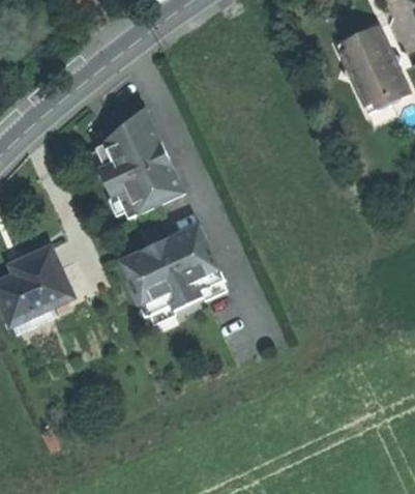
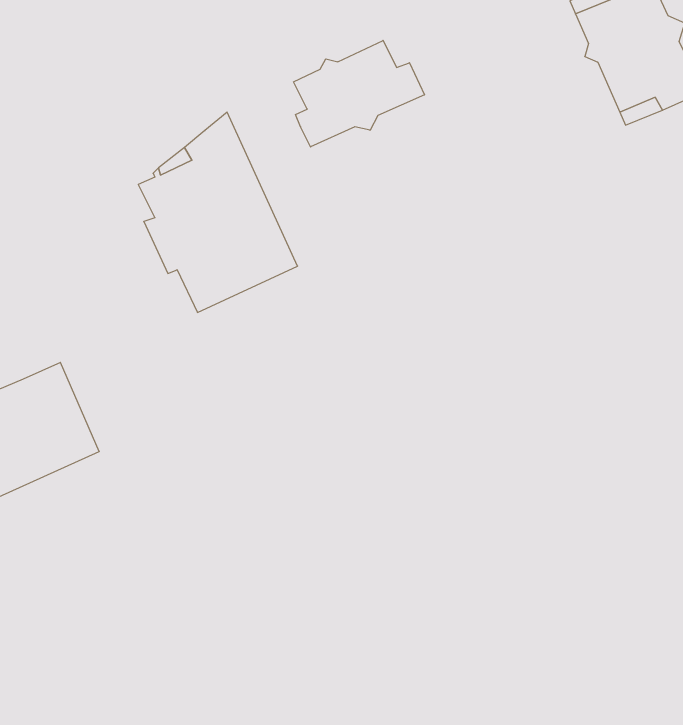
building: none -> [294,40,424,147]
building: [118,223,226,317] -> none

